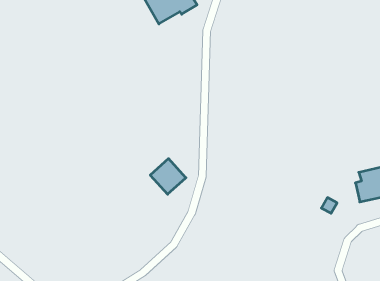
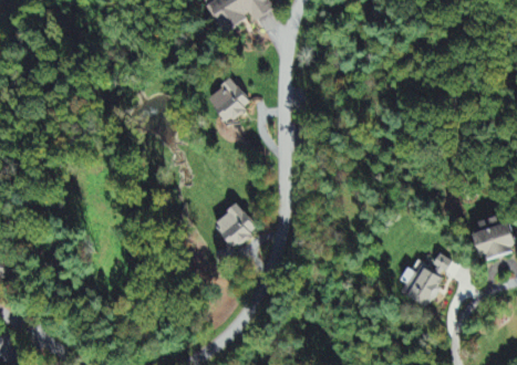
building: none -> [206,76,250,122]
building: none -> [399,264,442,306]

